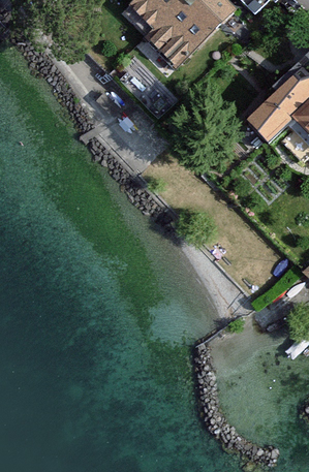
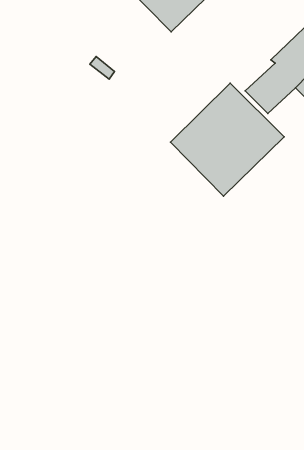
building: none -> [171,83,284,196]

